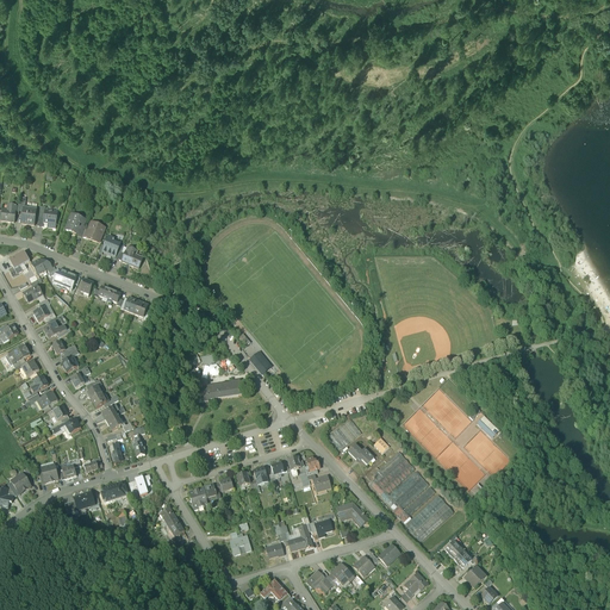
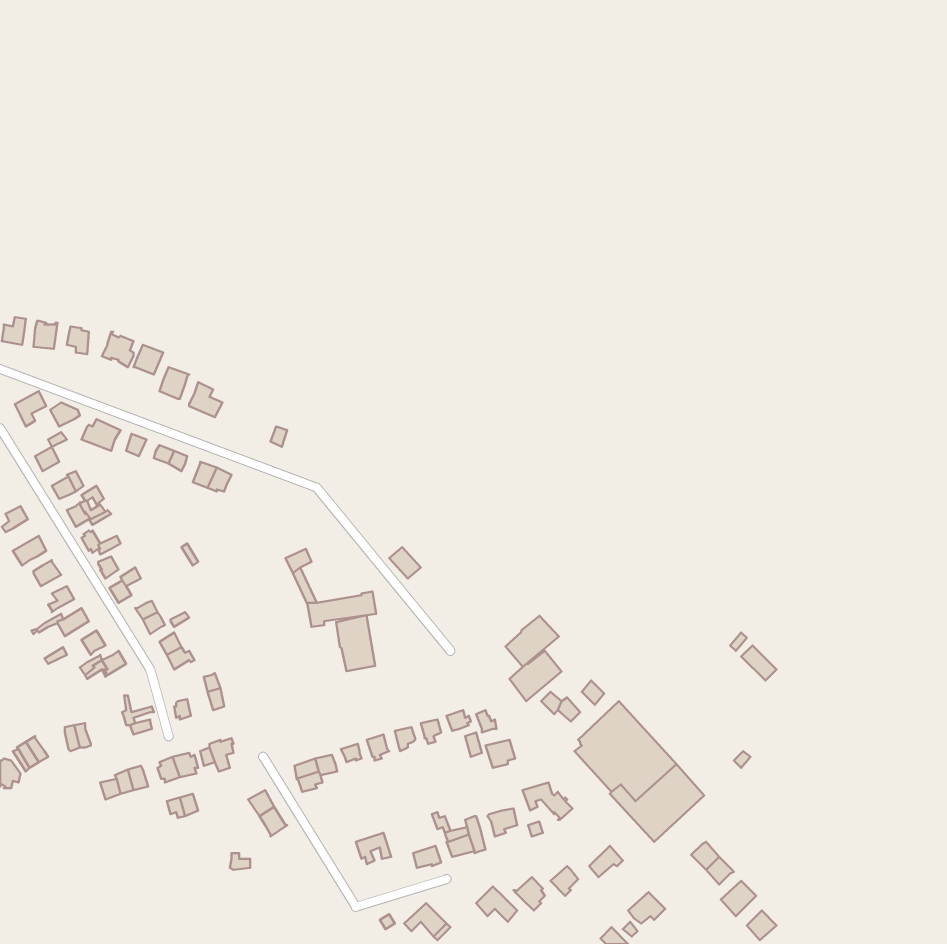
building: none -> [336,615,375,671]
building: none -> [505,616,559,667]

